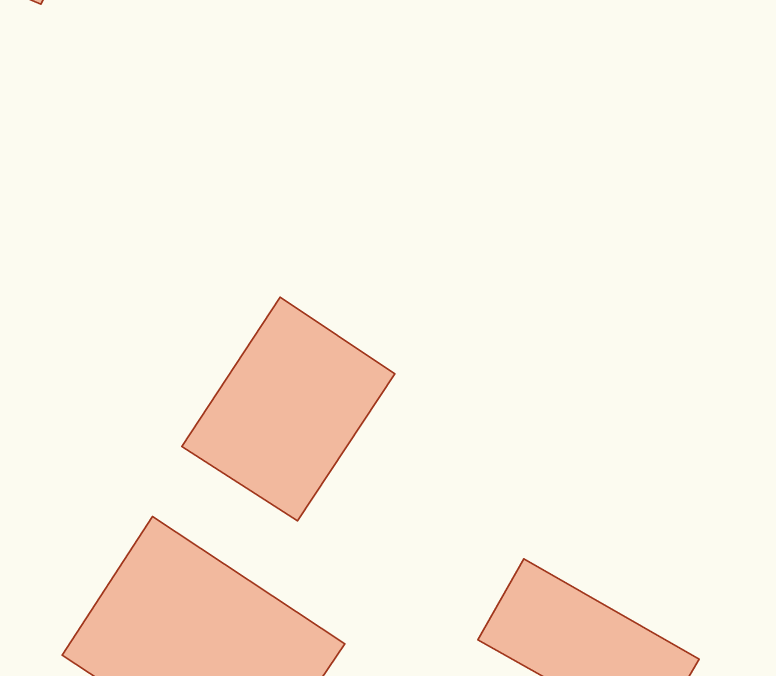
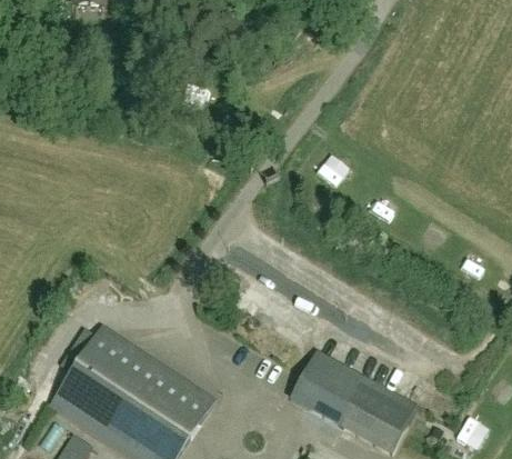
building: [182,297,395,521] -> none

